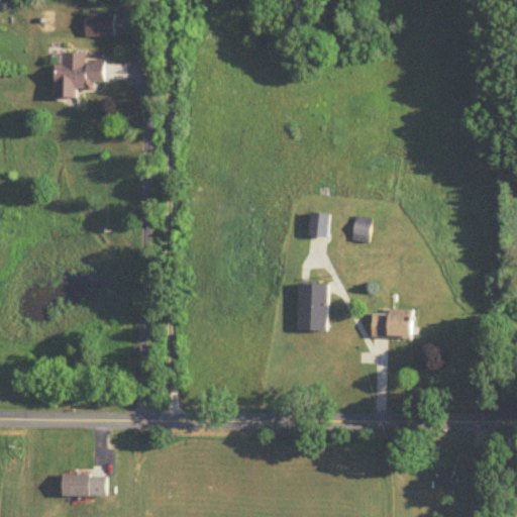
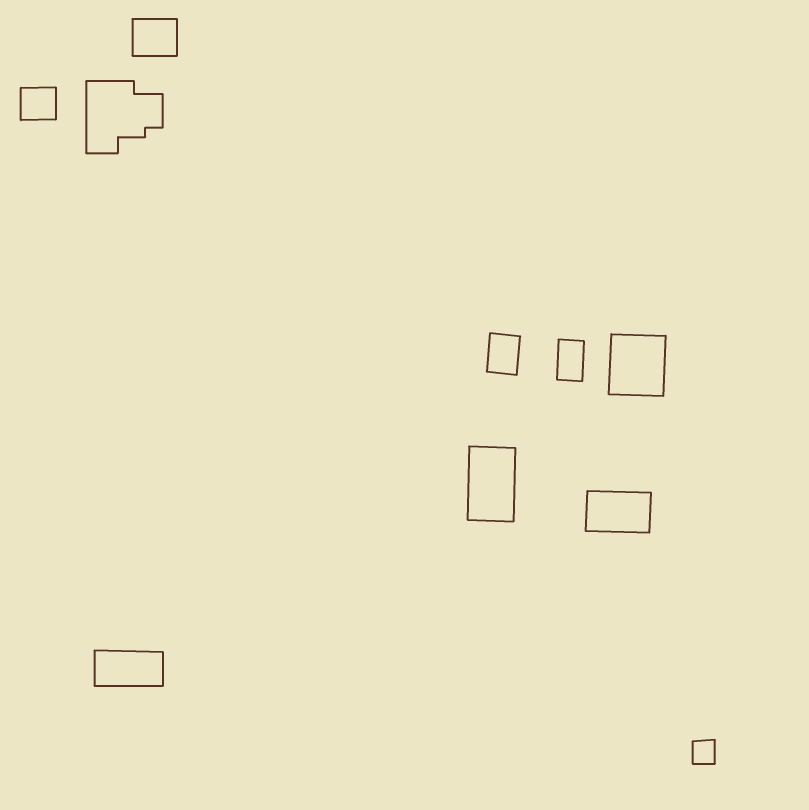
building: none -> [21,87,56,120]
building: none -> [609,334,666,396]
building: [61,473,104,495] -> [94,651,163,686]

